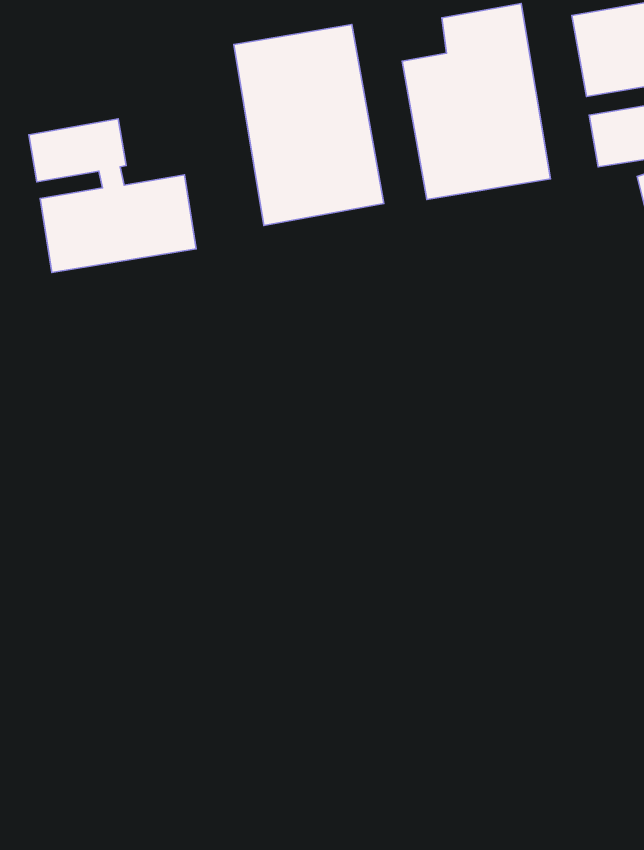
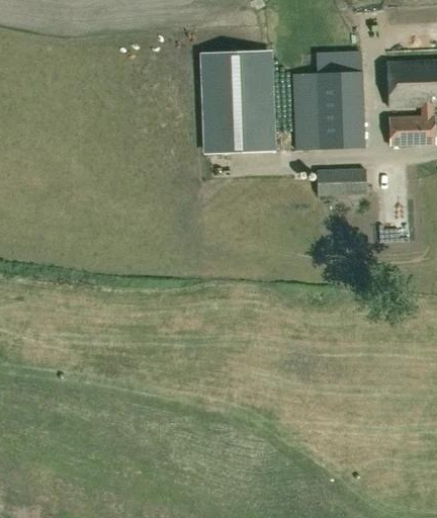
building: [29,119,196,272] -> none
building: none -> [317,169,365,195]

